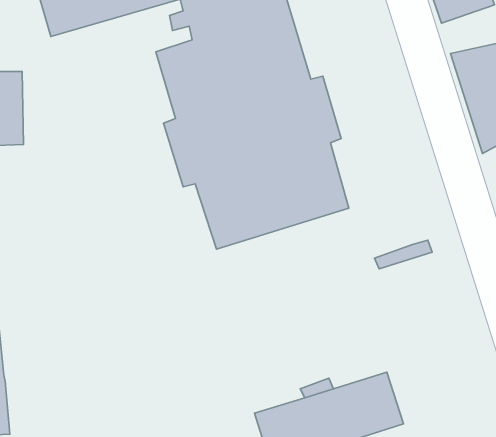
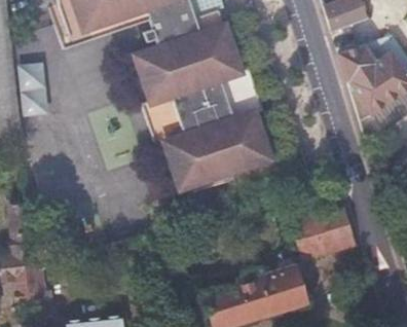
building: none -> [298,207,357,258]

